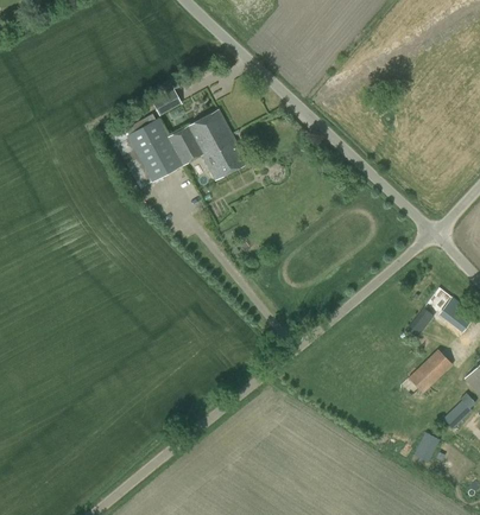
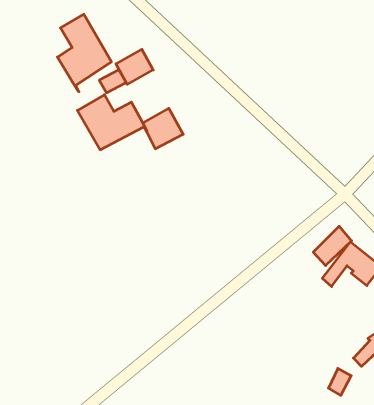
building: none -> [57,14,111,92]
building: [188,109,230,150] -> [116,49,153,84]
building: [408,348,451,393] -> [313,226,352,266]

